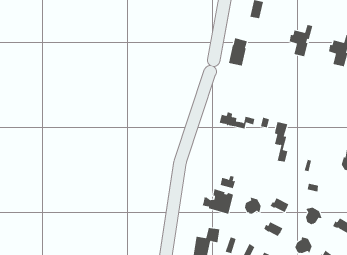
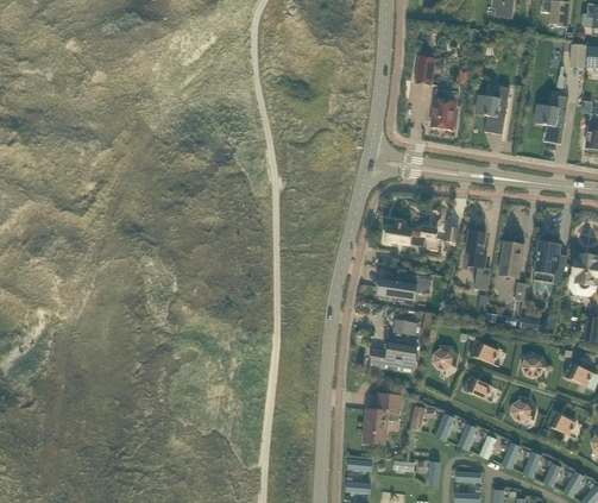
building: [228,38,248,66] -> [432,89,458,130]
building: none -> [499,243,524,278]
building: none -> [534,243,566,284]
building: none -> [379,272,430,306]

